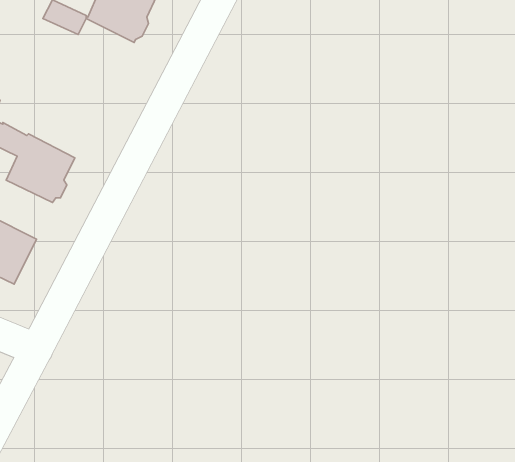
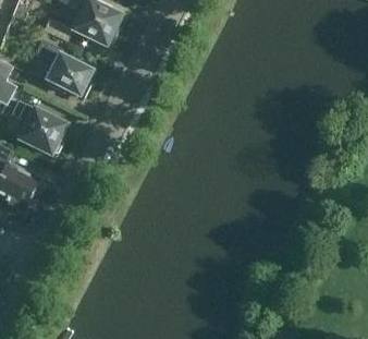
building: none -> [36,40,93,98]

